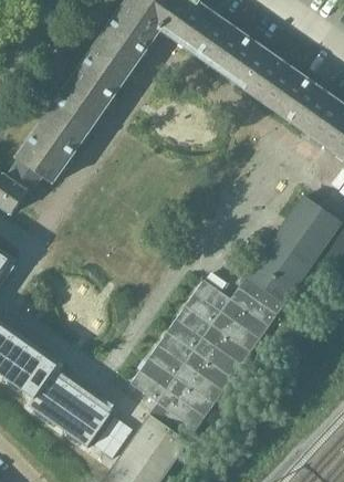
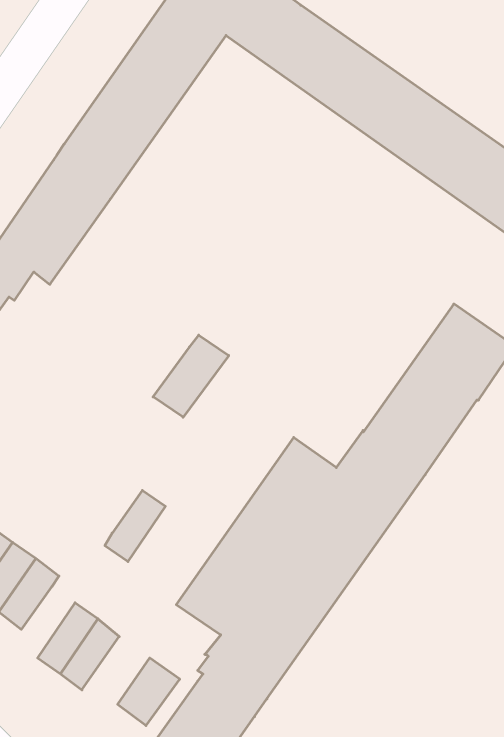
building: none -> [153,335,229,417]
building: [30,371,67,416] -> [105,490,165,562]
building: [72,402,111,446] -> none

